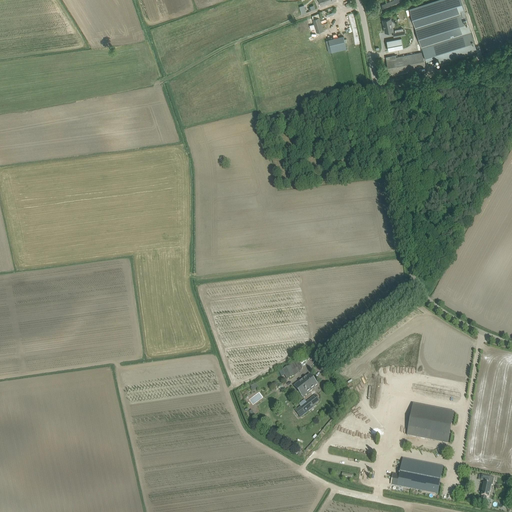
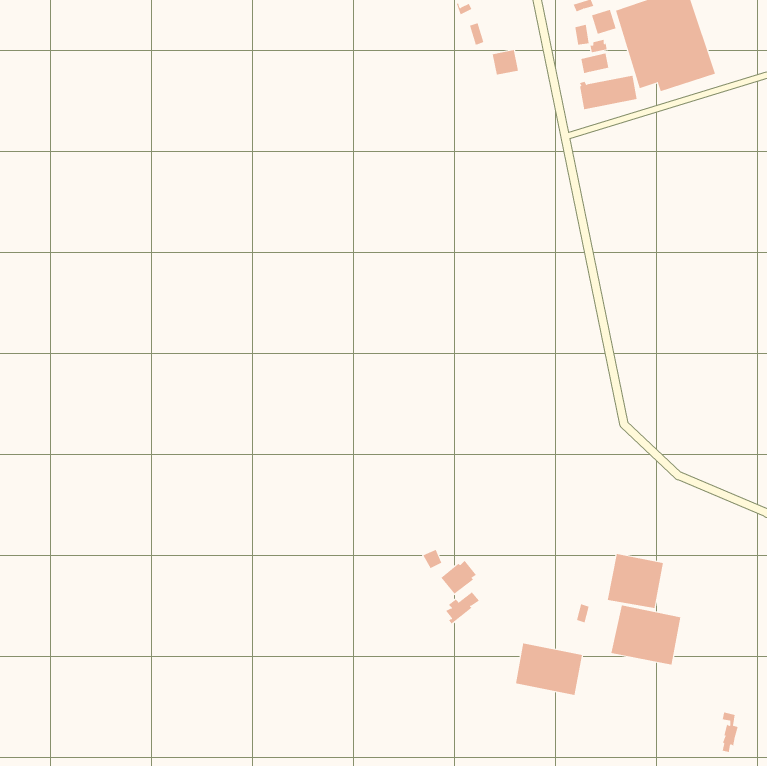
building: none -> [607,553,663,609]
building: [397,457,442,492] -> [515,643,583,695]

